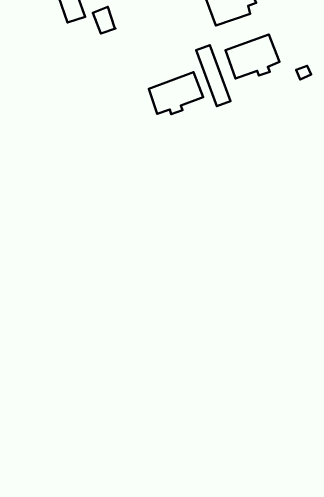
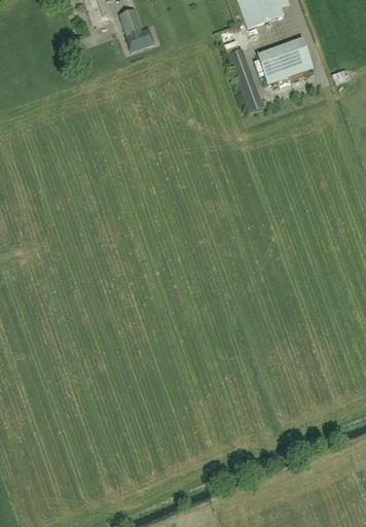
building: none -> [124,27,153,50]
building: [149,72,203,114] -> none

